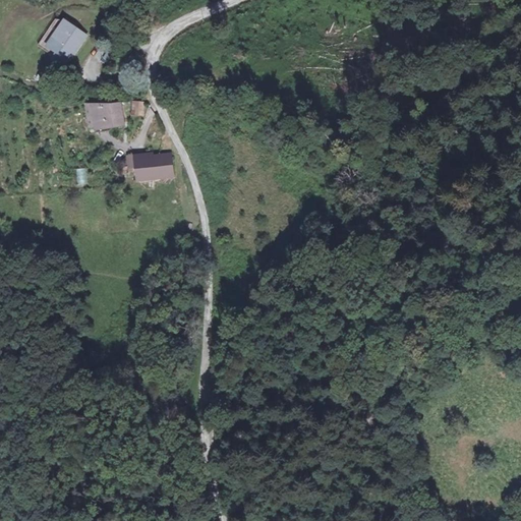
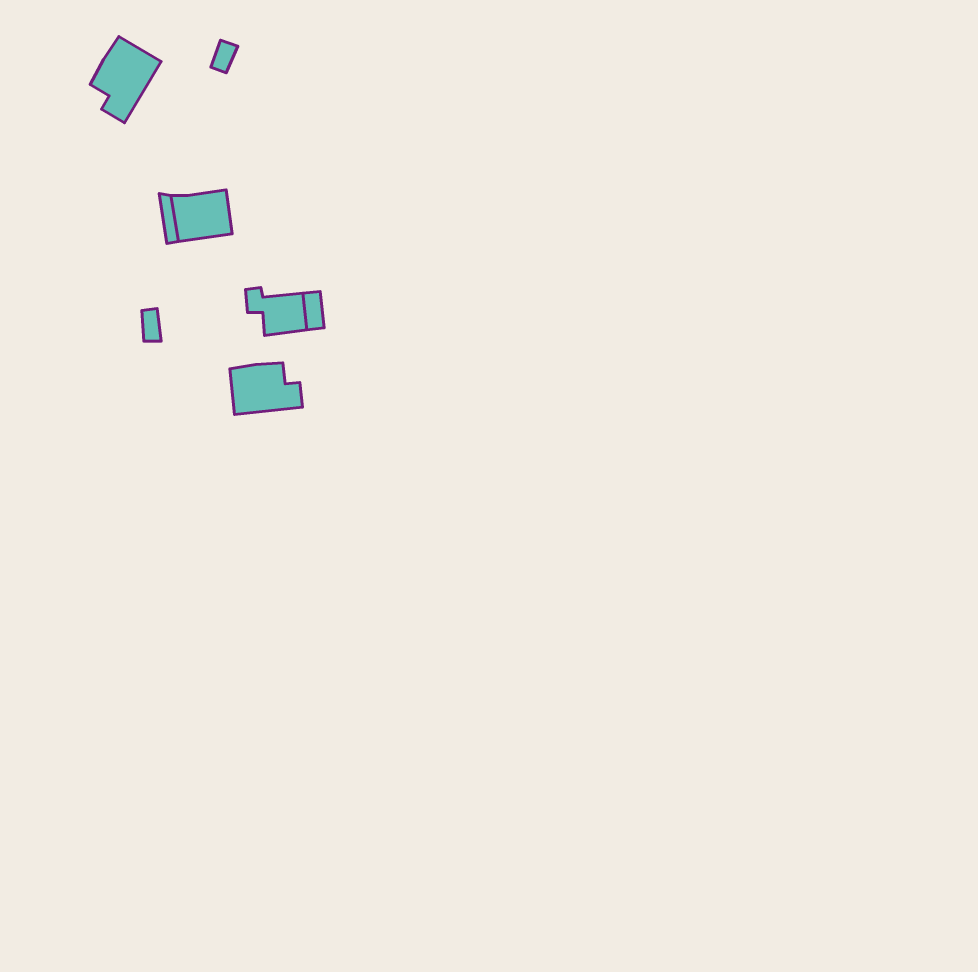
building: none -> [230,363,302,414]

